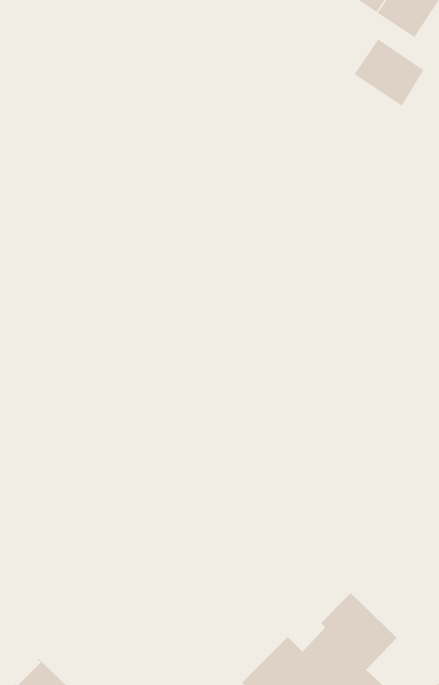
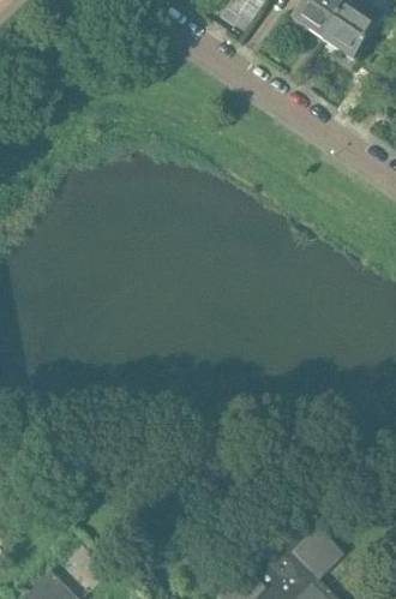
building: [354,39,424,107] -> none

